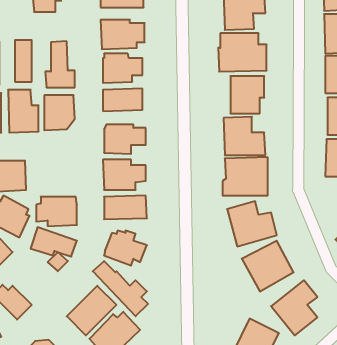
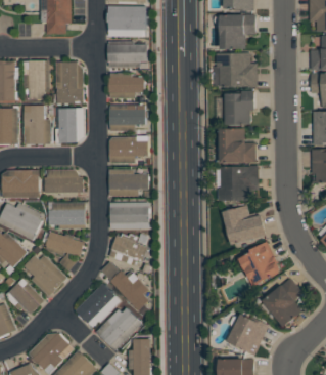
building: none -> [44,170,83,193]
building: none -> [24,255,67,297]

